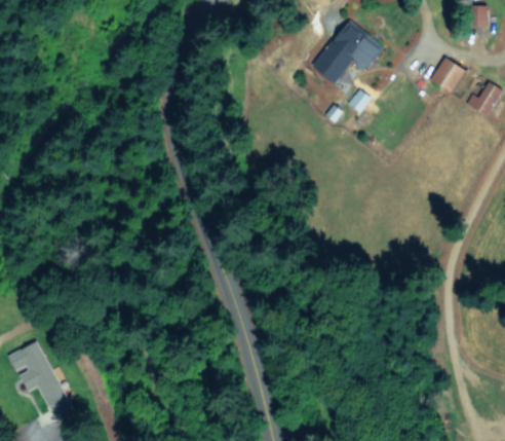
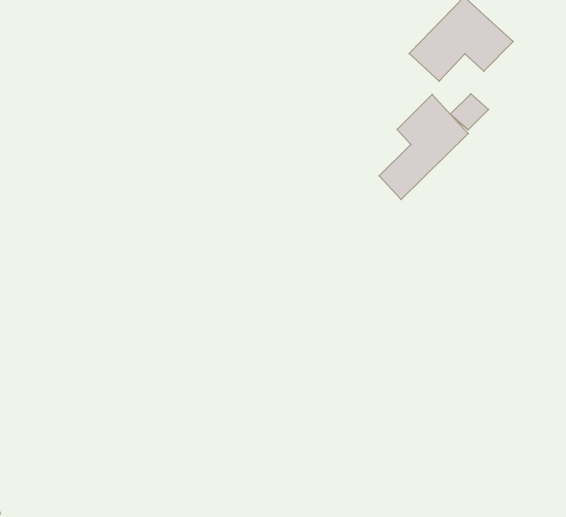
building: none -> [379,94,468,200]

